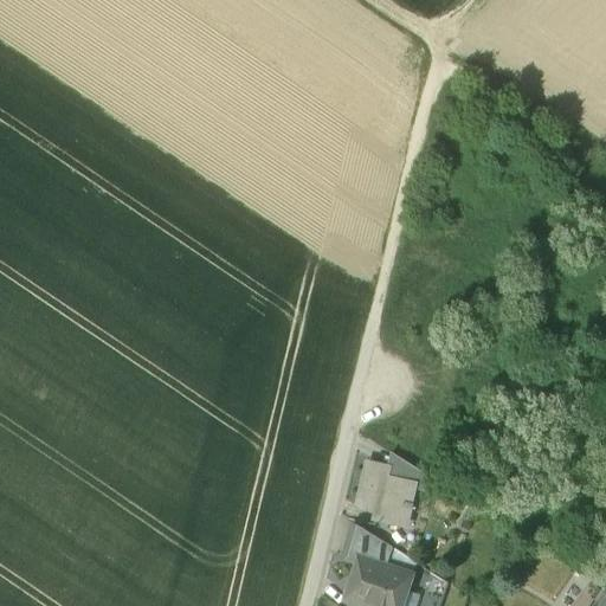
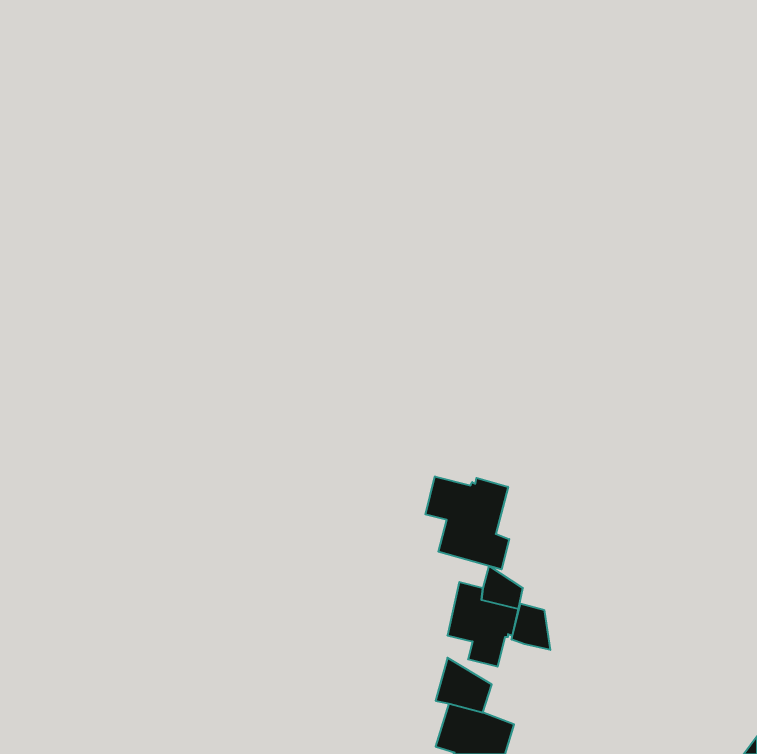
building: none -> [425,476,509,569]
building: none -> [512,604,550,650]

